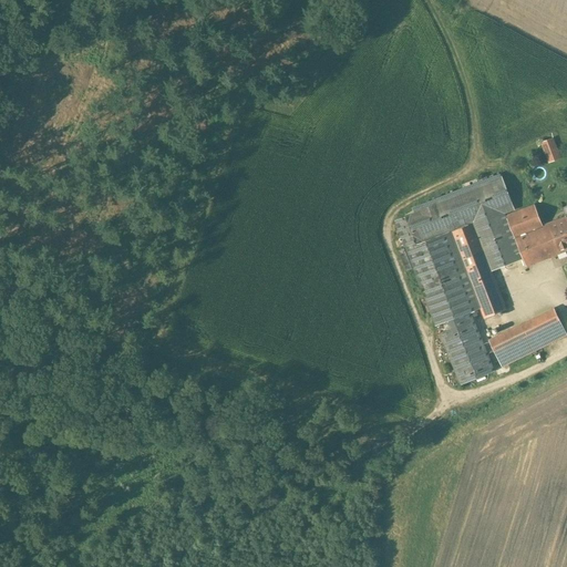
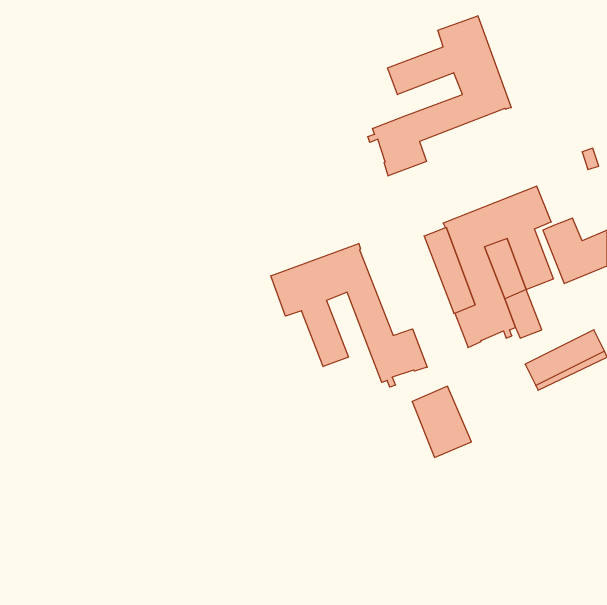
building: none -> [368,16,511,176]
building: none -> [271,243,427,387]
building: [440,318,495,384] -> [412,386,471,457]

